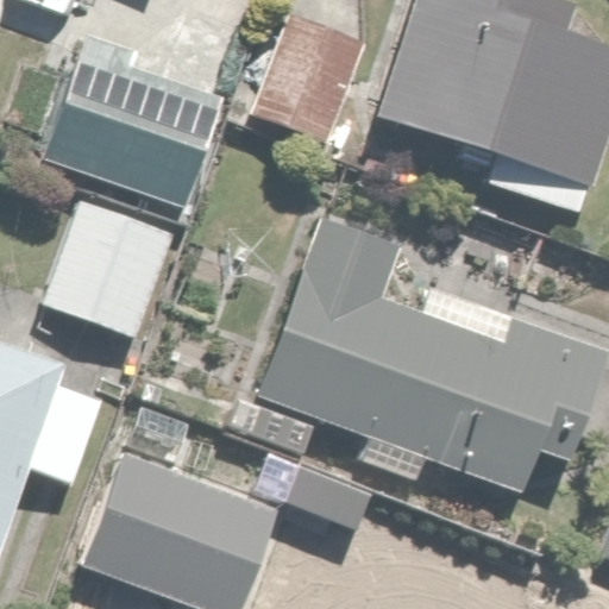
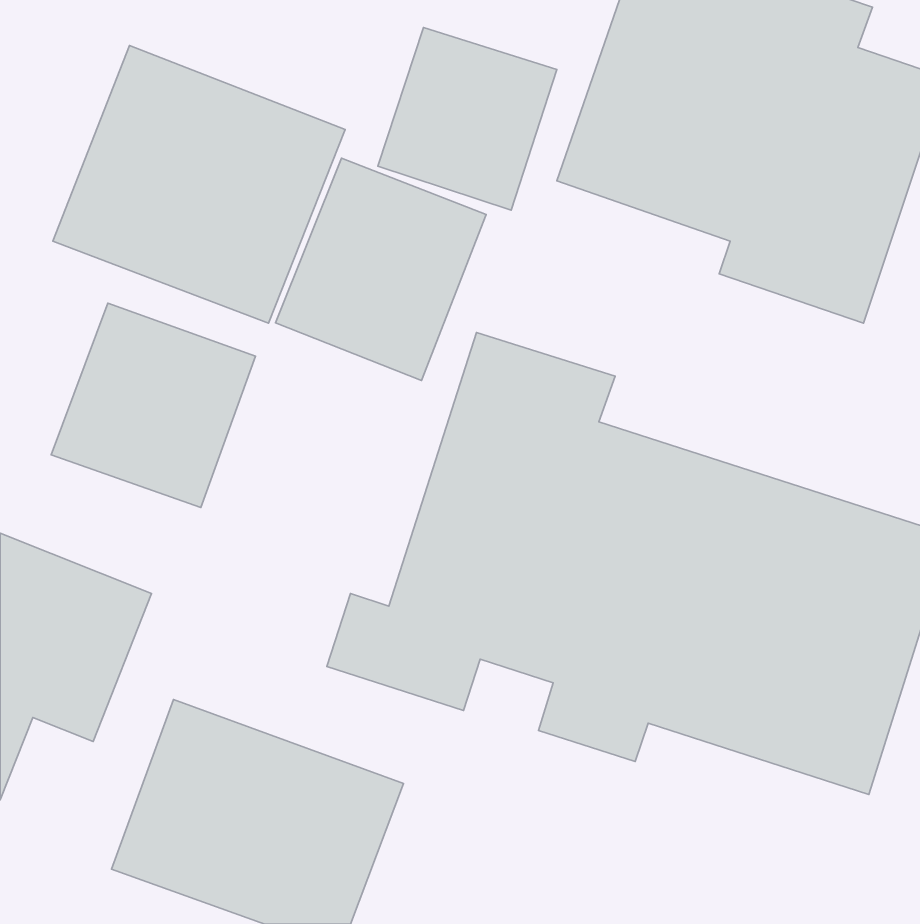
building: none -> [275,158,486,380]

